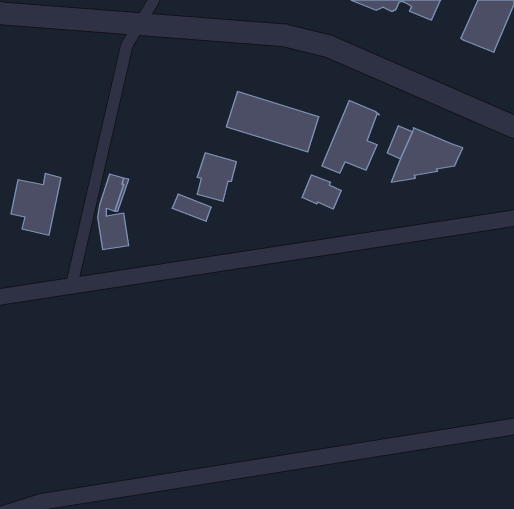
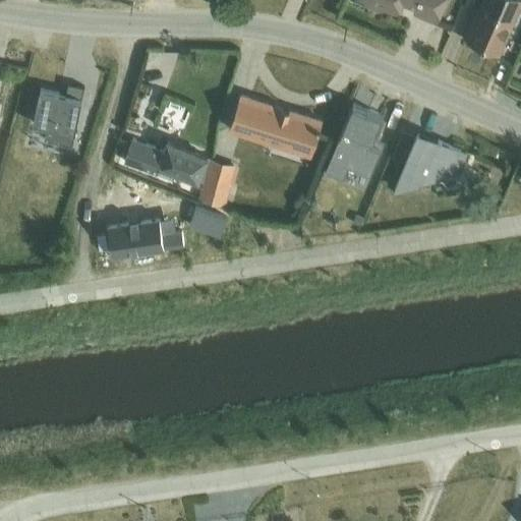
building: none -> [124,141,208,184]
building: [11,174,61,235] -> [34,88,84,150]
building: [302,175,341,209] -> none
building: none -> [131,220,177,252]

